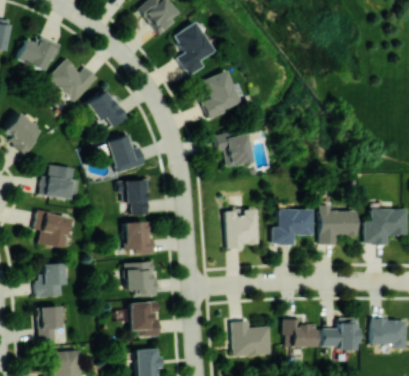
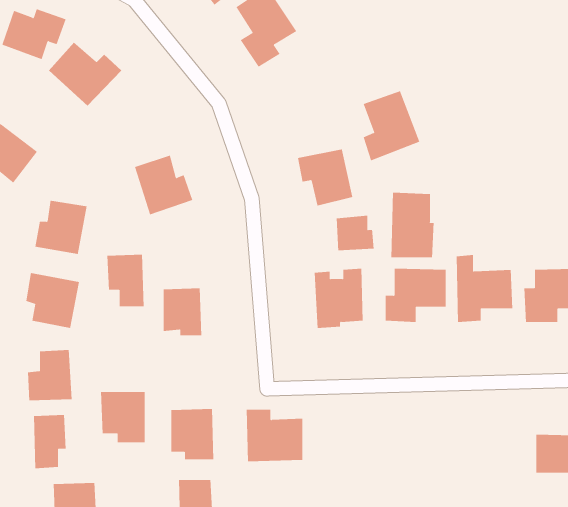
building: [202,71,240,118] -> [363,90,420,161]
building: [86,89,127,128] -> none
building: none -> [391,192,434,258]
building: none -> [336,215,374,251]
building: [124,180,149,215] -> [107,254,144,307]
building: [125,262,155,296] -> [100,392,146,443]
building: [322,318,358,349] -> none
building: [284,319,316,347] -> none
building: [232,321,270,356] -> [246,409,303,462]

